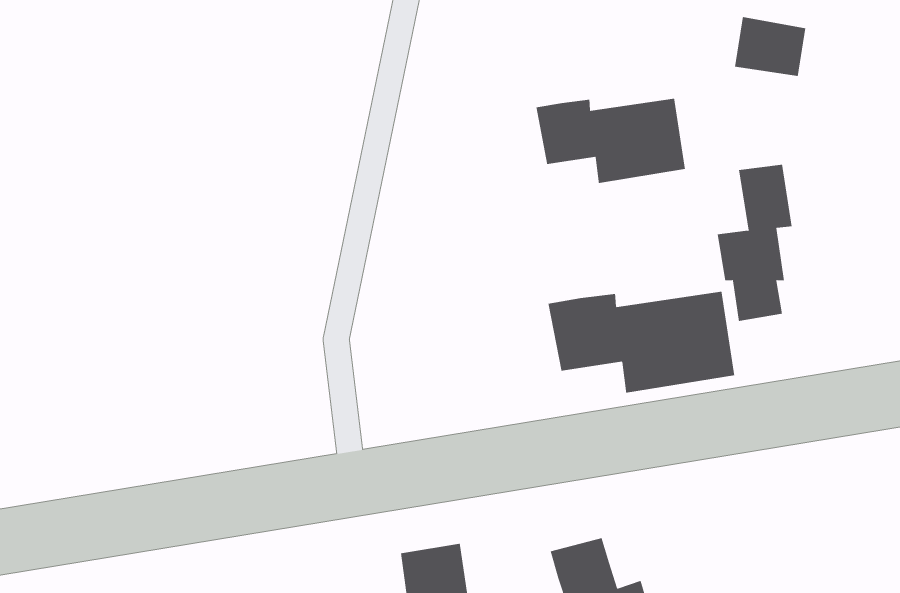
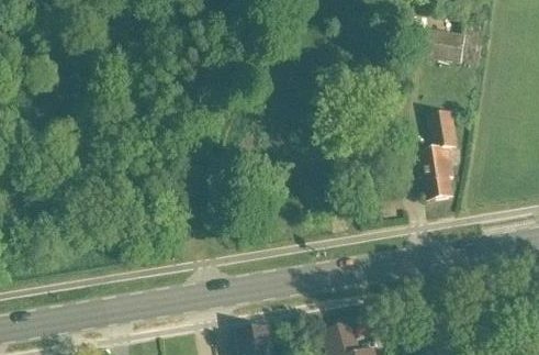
building: [536,98,686,184] -> none
building: [548,291,735,394] -> none

